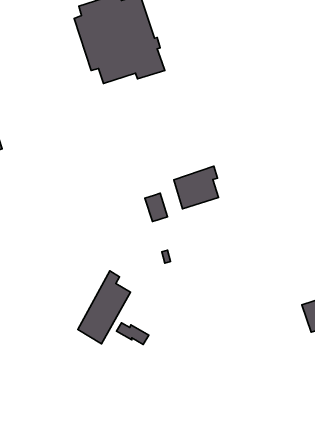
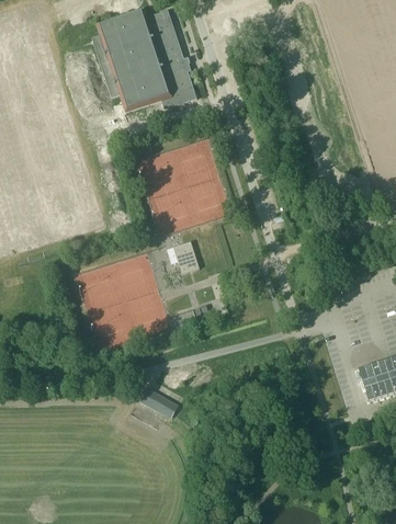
building: [174,166,218,209] -> none
building: [78,271,131,344] -> none

